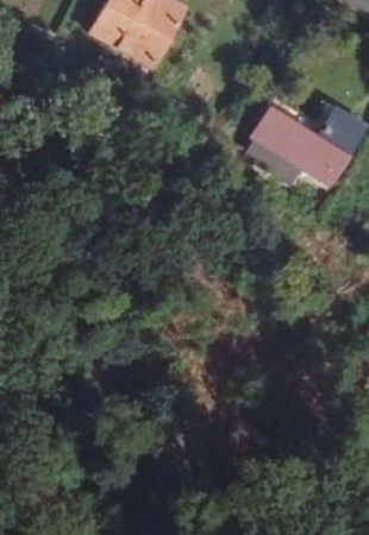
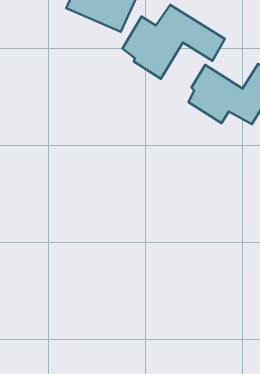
building: none -> [123,5,225,79]

